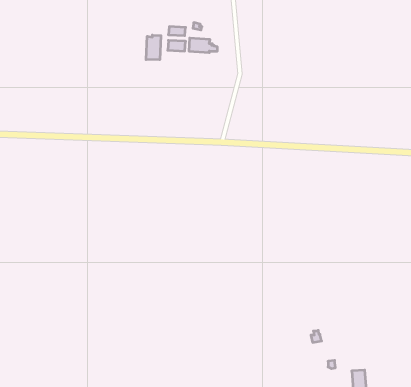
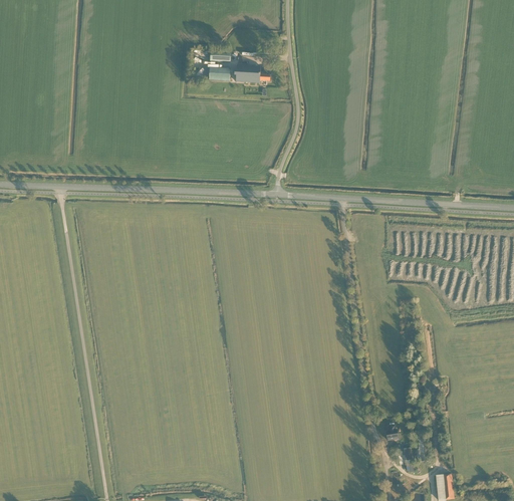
building: [146,35,161,60] -> none

